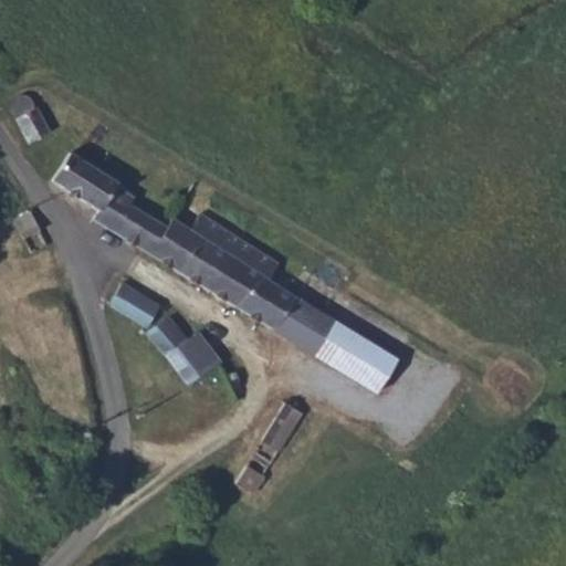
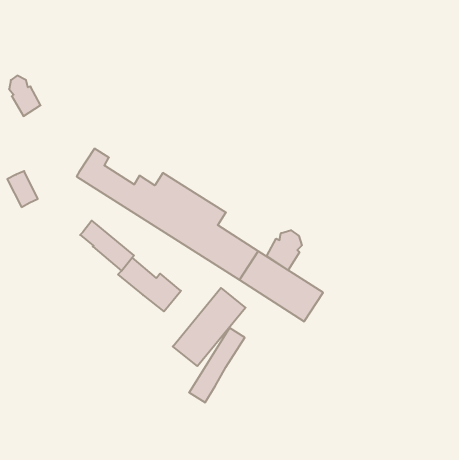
building: [51,151,117,211] -> none
building: none -> [267,230,302,270]
building: none -> [173,288,246,366]

